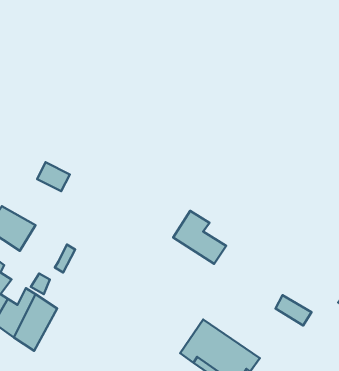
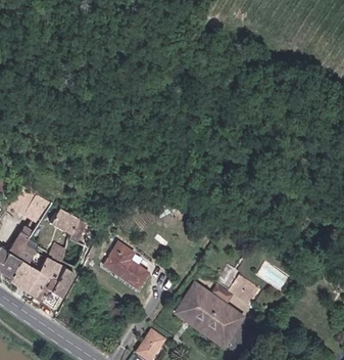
building: [37,162,70,191] -> [52,209,80,233]
building: [173,211,226,264] -> [106,243,151,288]
building: none -> [228,274,258,302]

